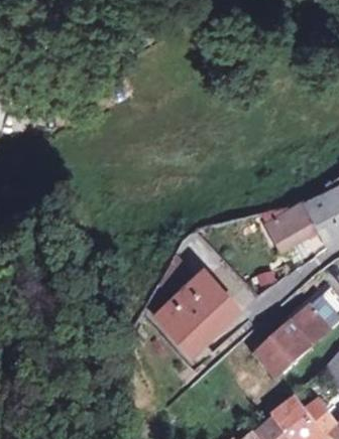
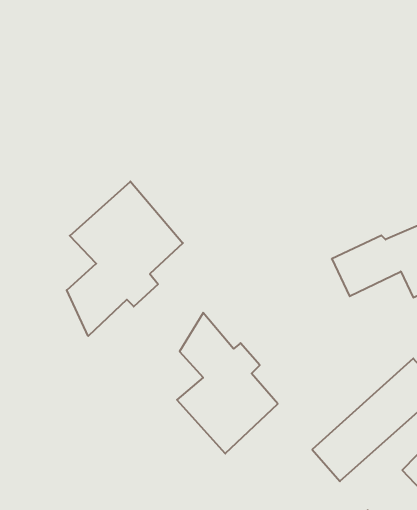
building: none -> [67,181,183,336]

